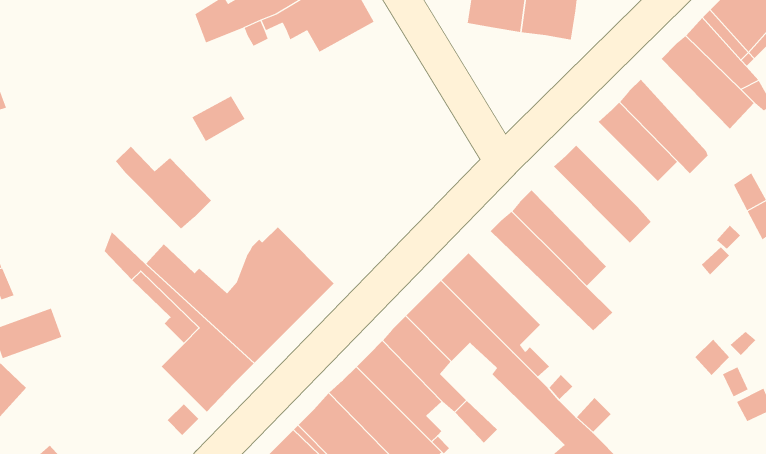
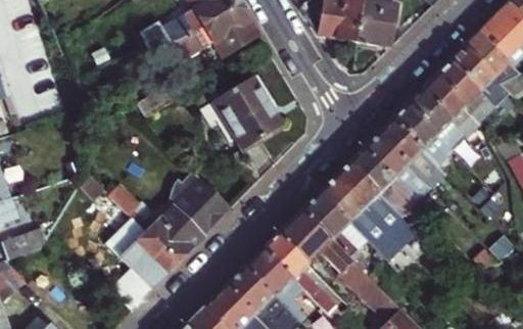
building: none -> [435,60,494,122]
building: none -> [212,80,279,151]
building: none -> [392,102,448,158]
building: [115,146,212,229] -> none
building: none -> [363,132,428,198]
building: none -> [321,175,403,256]

